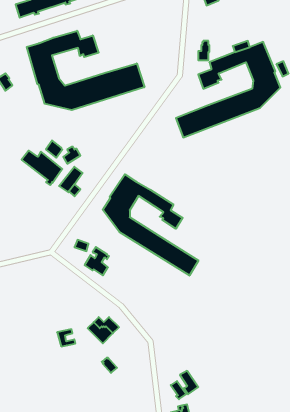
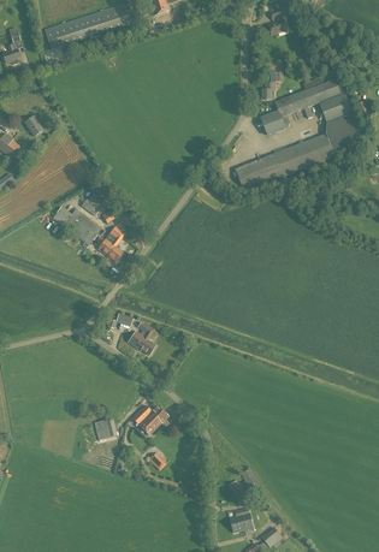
building: [27,31,144,110] -> none
building: [103,174,198,276] -> none

